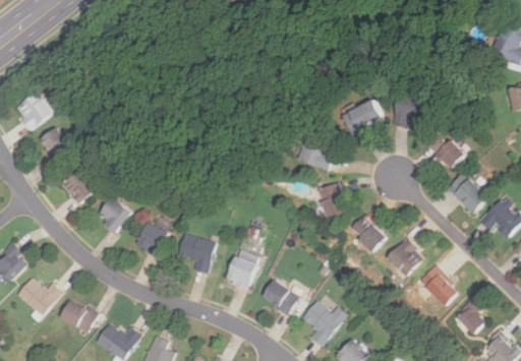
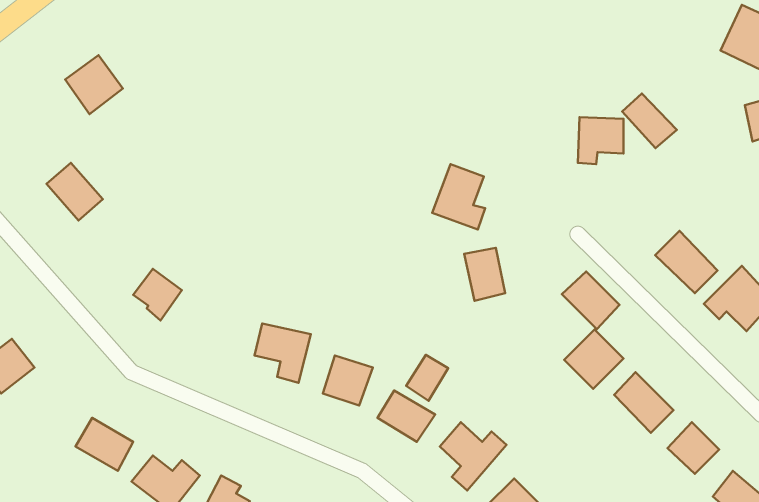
building: [14,92,53,131] -> [65,55,123,114]
building: [343,99,385,136] -> none
building: [427,132,464,169] -> [622,93,677,148]
building: [61,170,96,205] -> none
building: [347,216,386,254] -> [562,271,620,329]
building: [134,222,169,256] -> none
building: none -> [406,355,448,401]
building: [16,277,62,315] -> none

